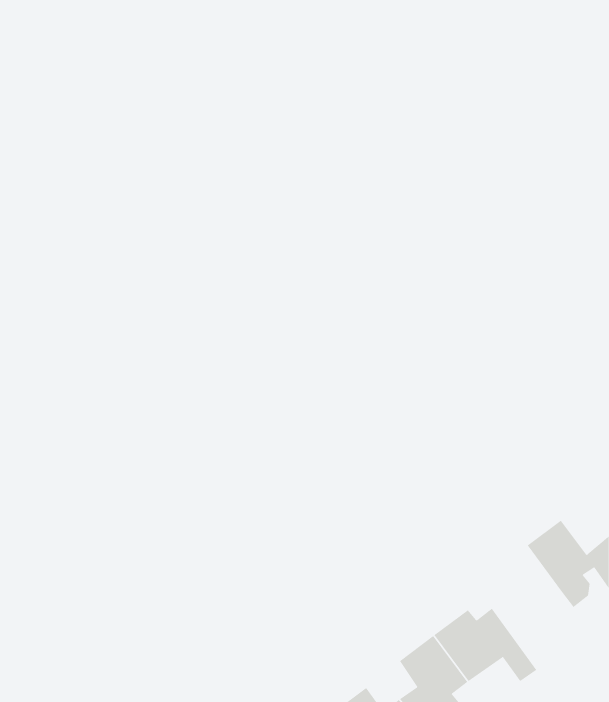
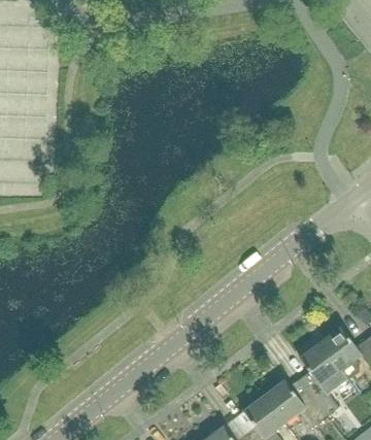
building: none -> [297,343,338,417]

